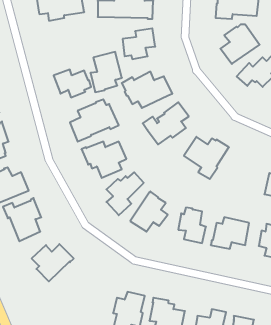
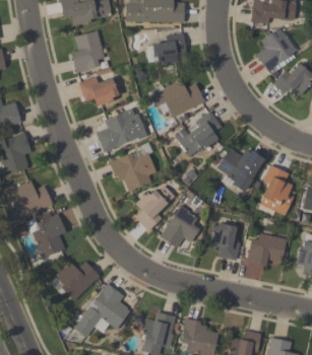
building: [90,52,122,92] -> [71,30,105,73]
building: none -> [259,165,295,216]
building: none -> [74,284,131,338]

